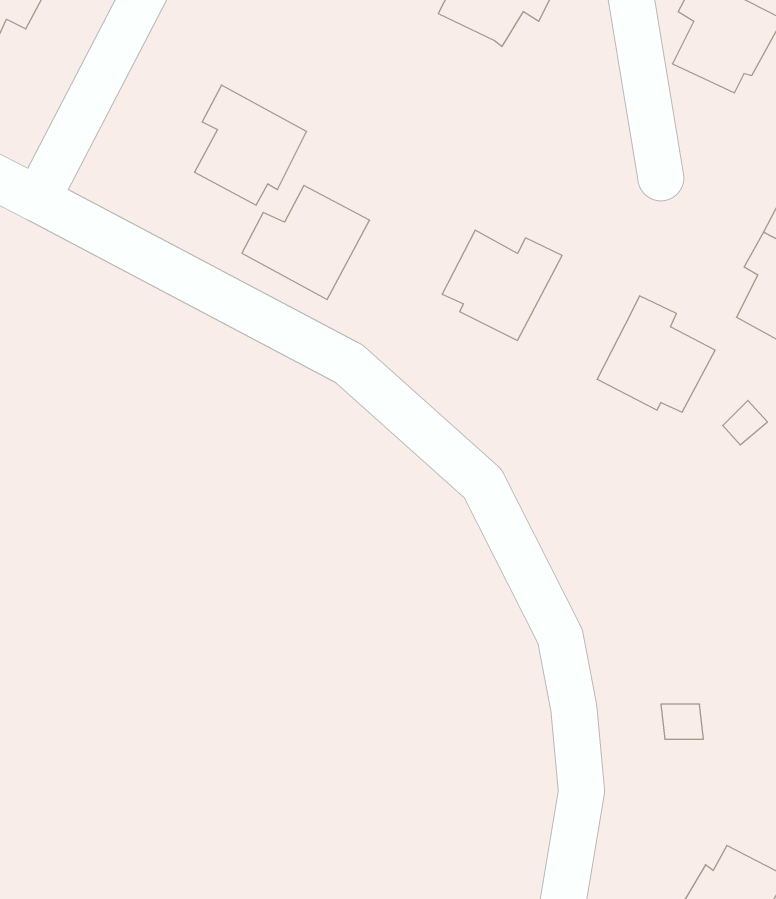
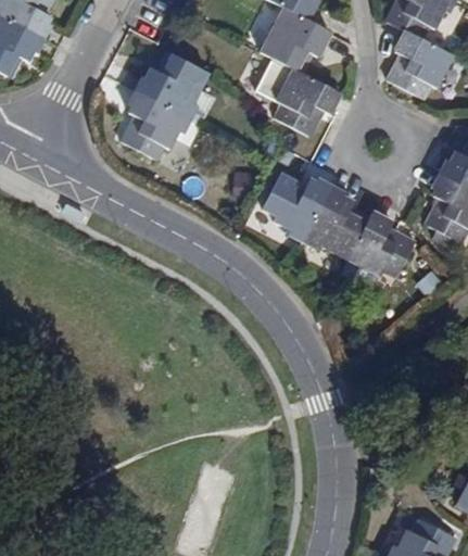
building: none -> [271,67,337,134]
building: [242,185,370,299] -> [138,54,210,118]
building: none -> [304,188,368,257]

